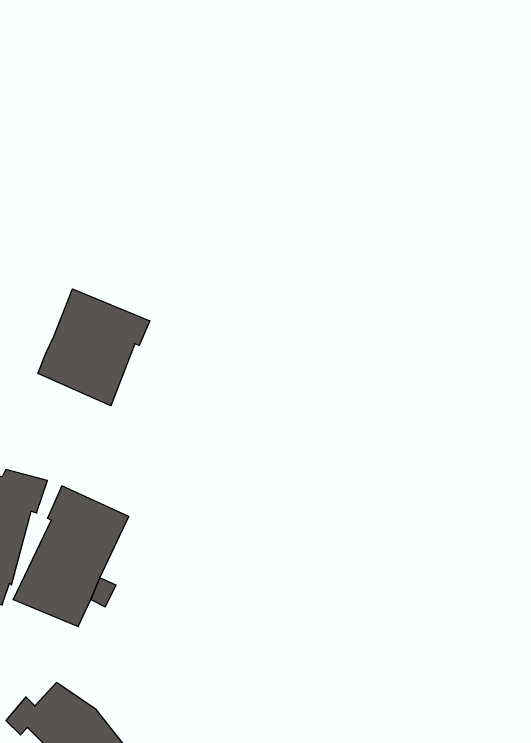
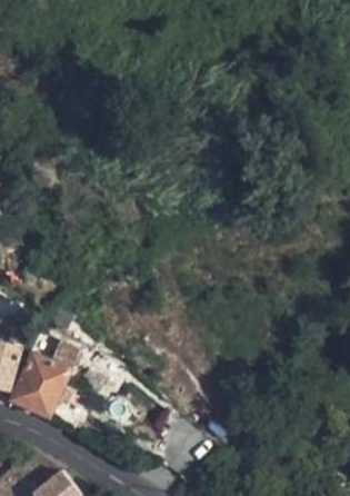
building: [38,289,150,406] -> none

